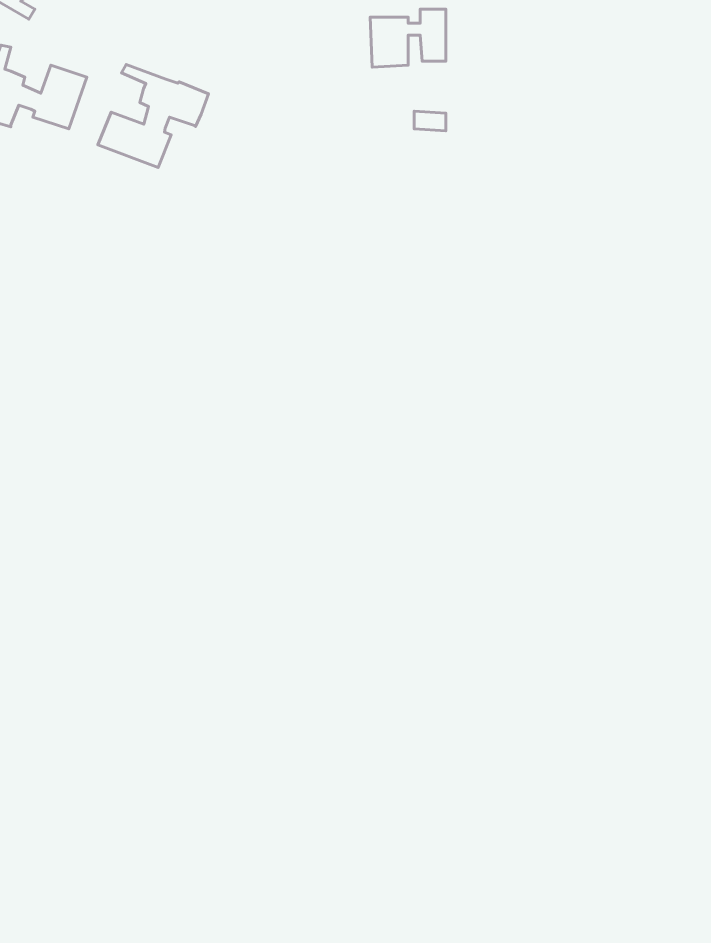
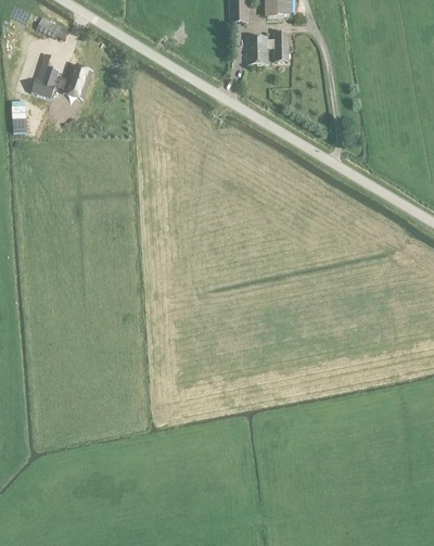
building: [98,65,209,168] -> none

